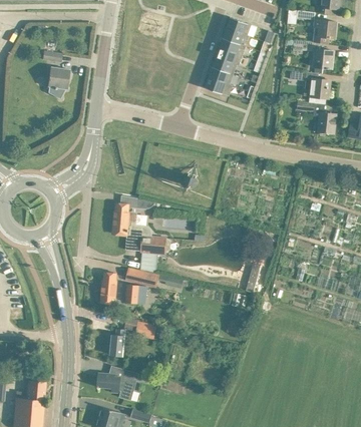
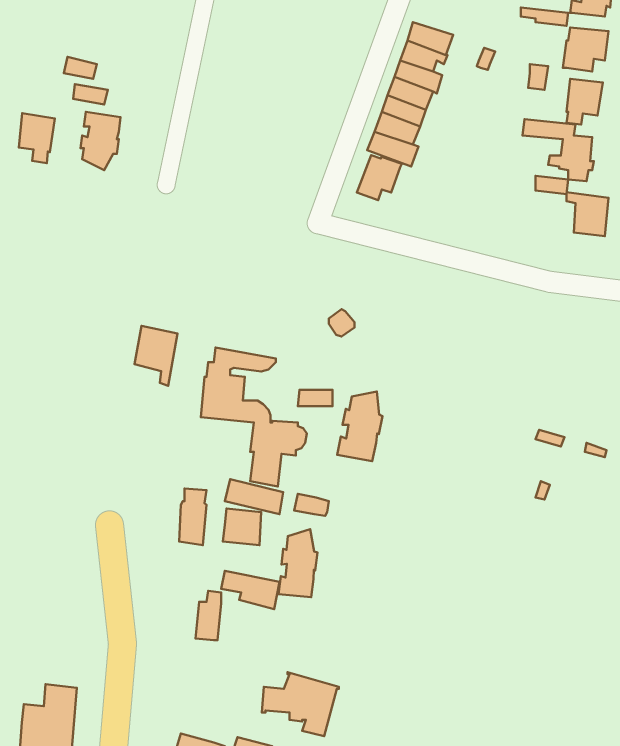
building: none -> [19,113,55,163]
building: none -> [357,155,402,200]
building: none -> [134,326,177,386]
building: none -> [337,392,383,461]
building: none -> [279,529,318,597]
building: [97,365,139,400] -> [262,672,339,736]

